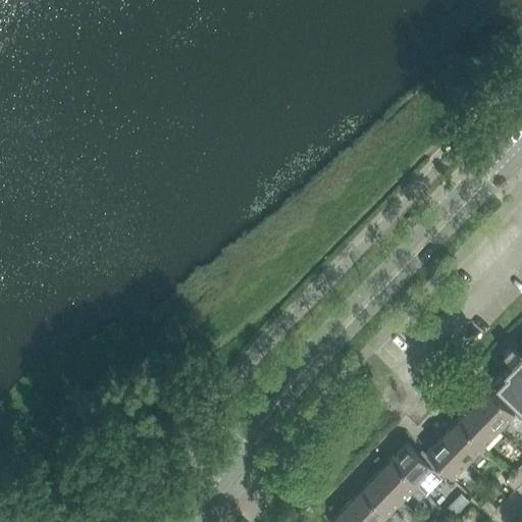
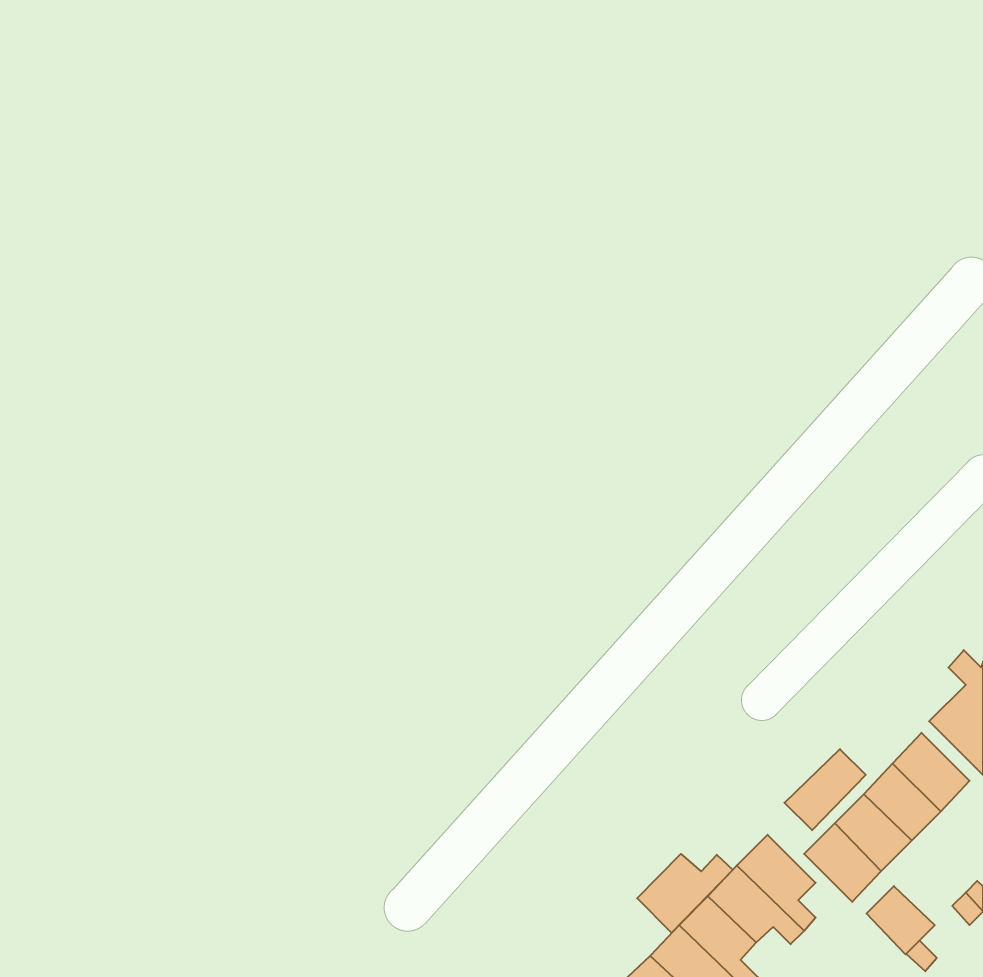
building: none -> [784,749,866,830]
building: none -> [637,854,733,933]
building: none -> [867,886,935,954]

